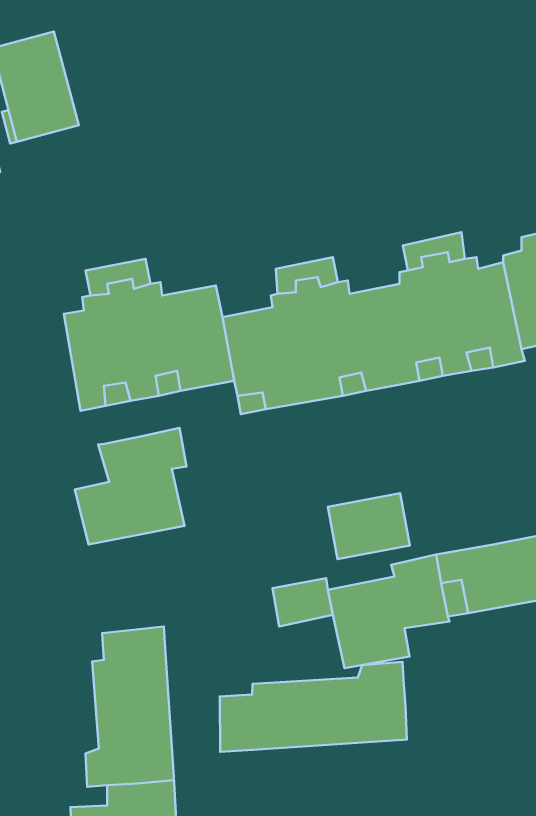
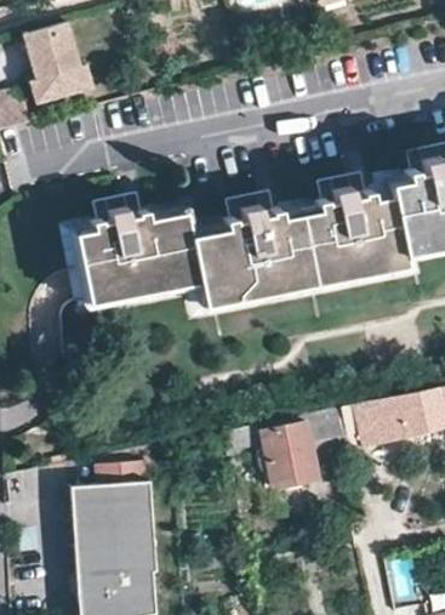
building: [75,428,187,544] -> none
building: [328,493,410,559] -> none
building: none -> [73,484,105,590]
building: [220,662,407,752] -> none

